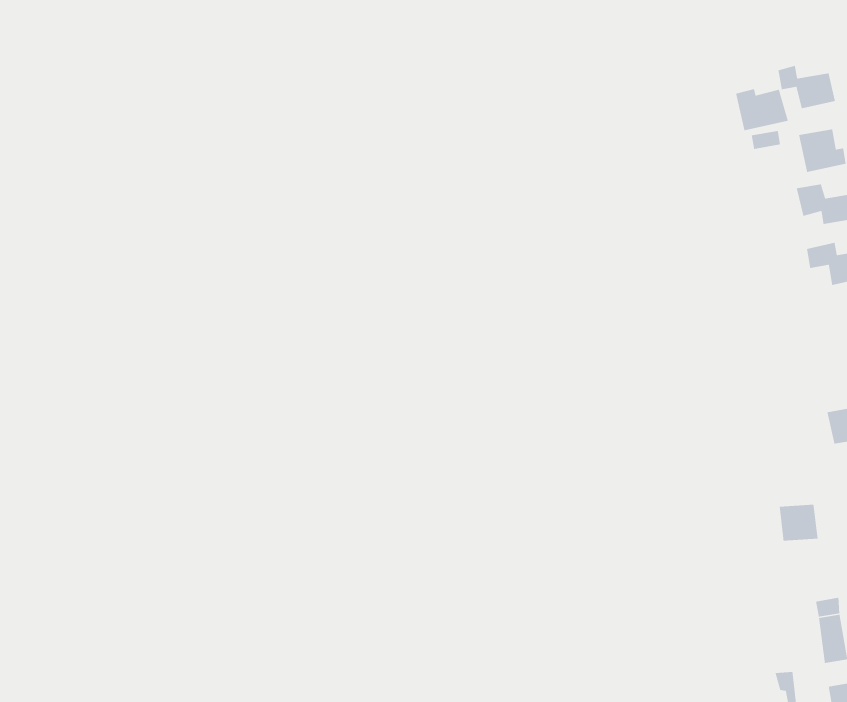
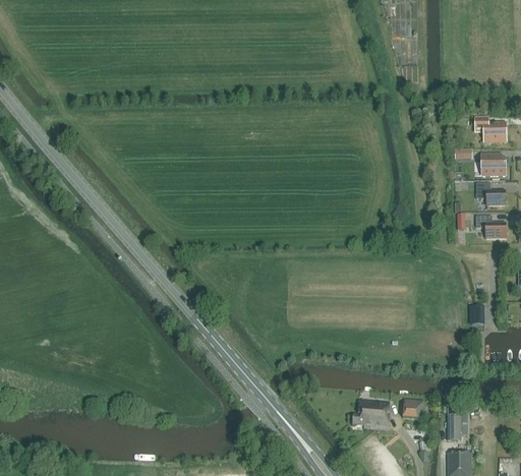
building: [735,88,789,131] -> none
building: [779,504,818,541] -> [403,398,423,419]
building: none -> [352,399,390,428]

